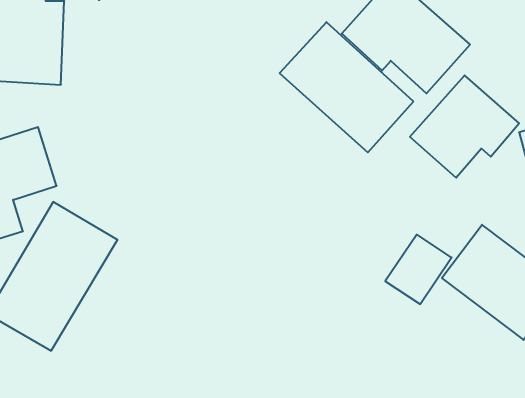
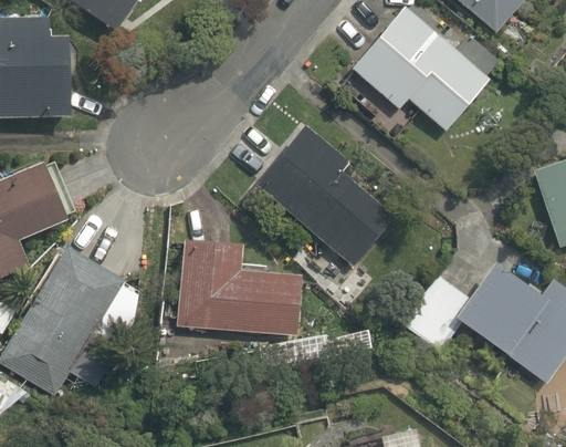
building: [280,22,413,152] -> [256,127,392,260]
building: [410,75,519,178] -> none
building: none -> [176,240,301,332]

